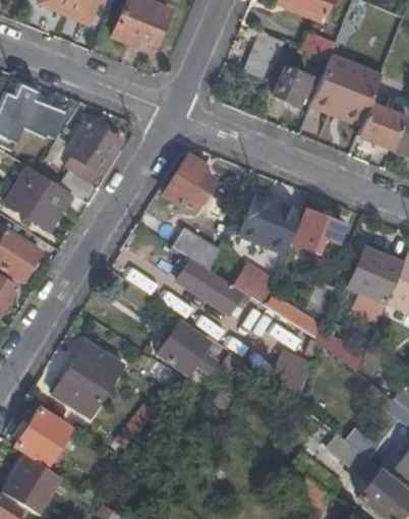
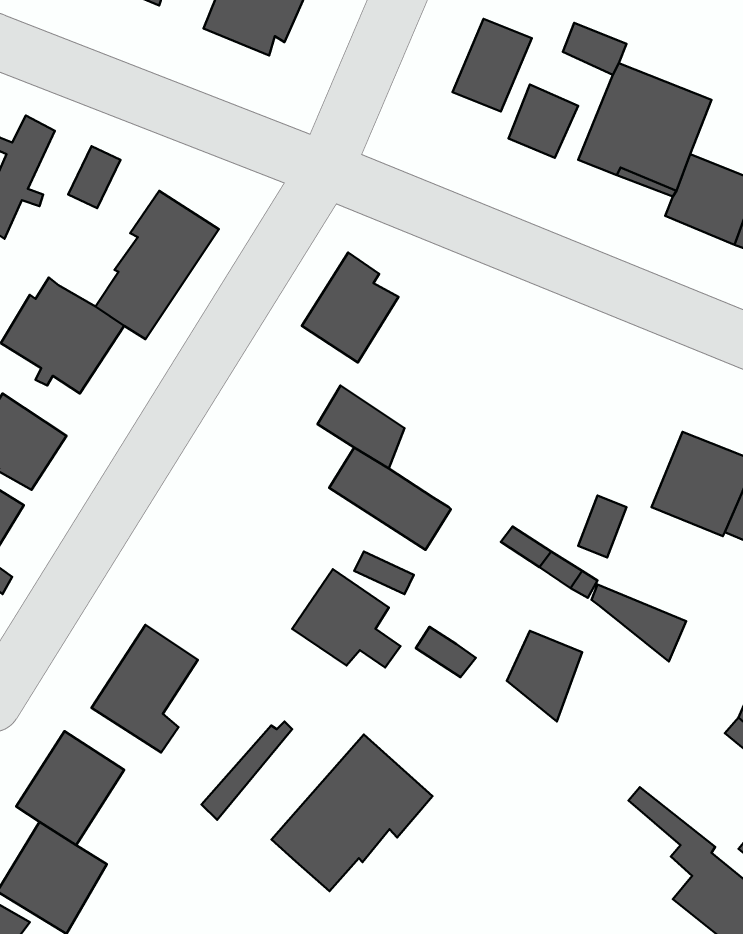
building: [240,194,287,248] -> none
building: [294,209,345,249] -> none
building: [234,263,275,305] -> none
building: none -> [272,734,433,891]

